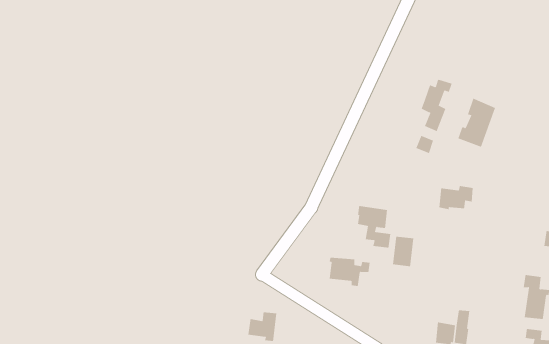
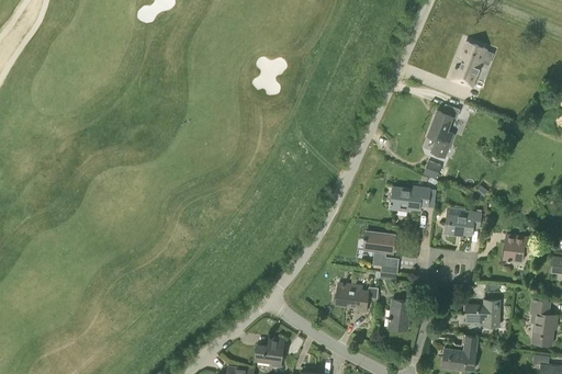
building: [457,98,496,147] -> [449,41,487,90]
building: none -> [391,188,430,212]
building: none -> [504,235,530,262]
building: [392,236,414,267] -> [389,299,411,330]
building: none -> [467,301,499,327]

